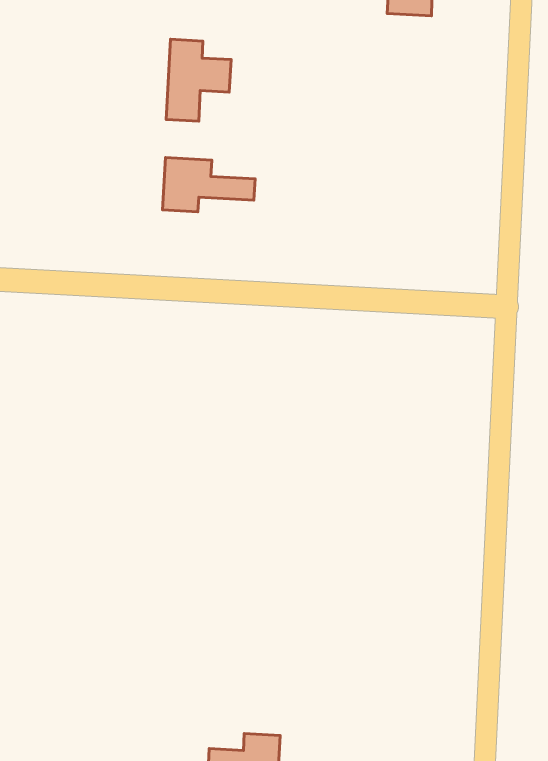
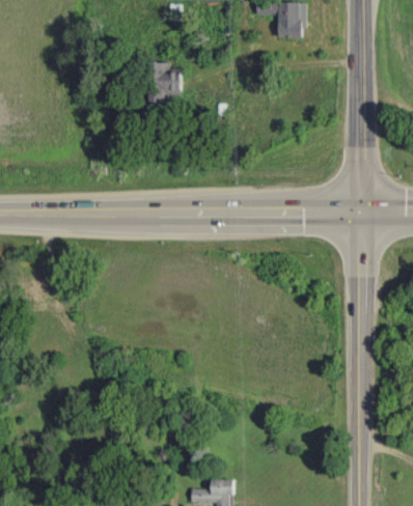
building: [163,158,255,212] -> none

